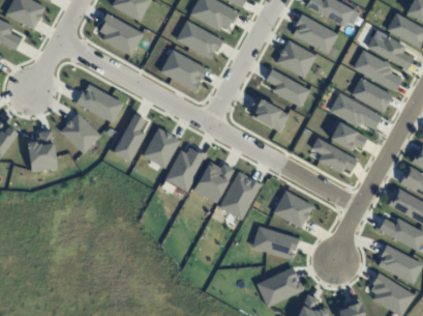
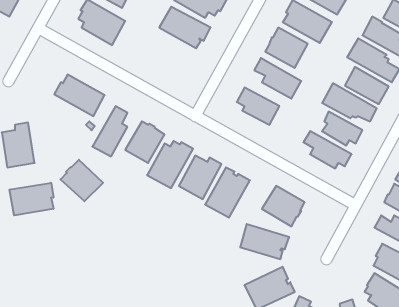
building: [159,49,207,91] -> none
building: [60,113,100,152] -> [60,160,103,201]
building: none -> [9,183,53,215]

